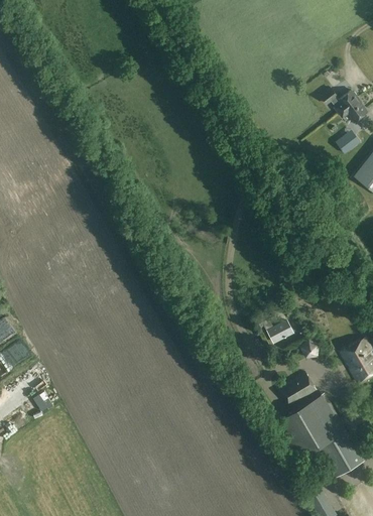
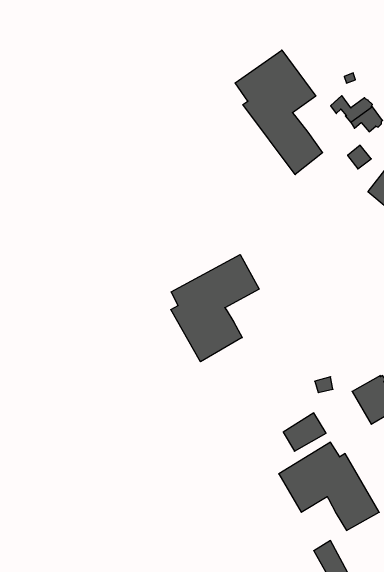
building: none -> [235,50,323,175]
building: none -> [171,255,259,362]
building: [253,316,291,343] -> none

